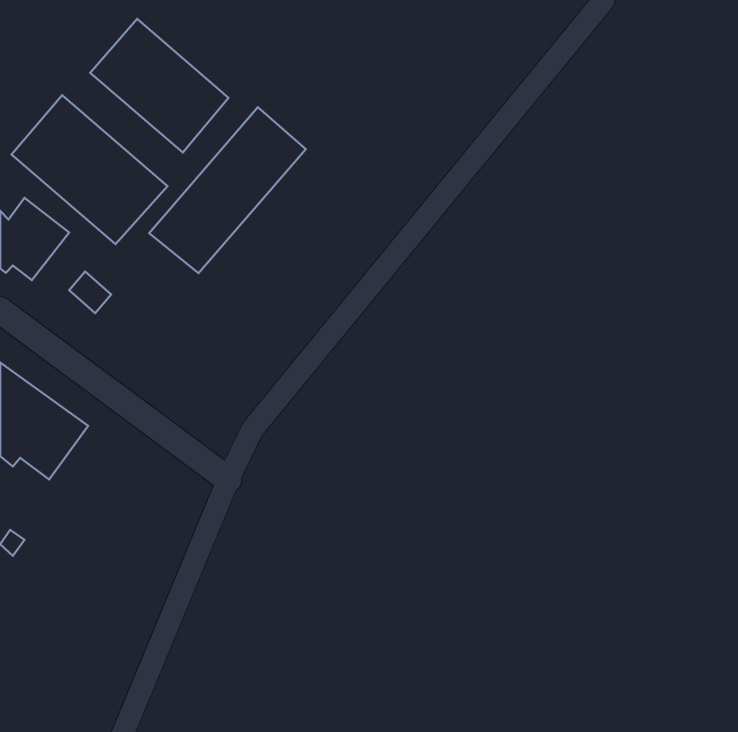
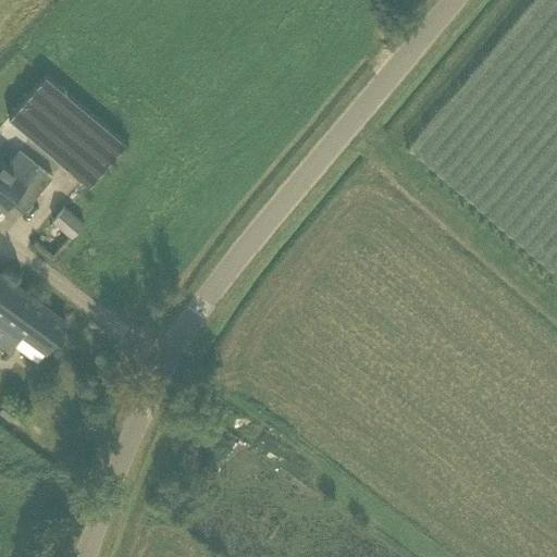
building: [90,19,228,153] -> none
building: [149,107,306,273] -> none

